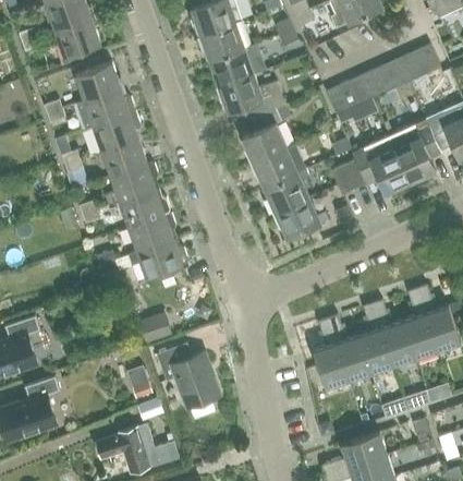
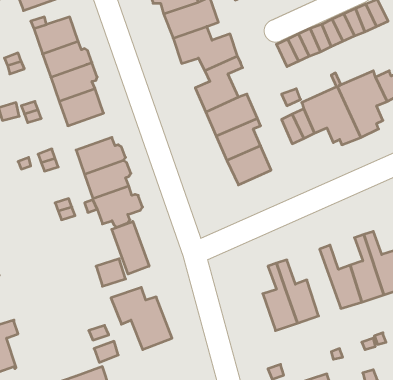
building: [103,163,158,205] -> none
building: none -> [112,221,149,274]
building: [357,304,392,373] -> none

